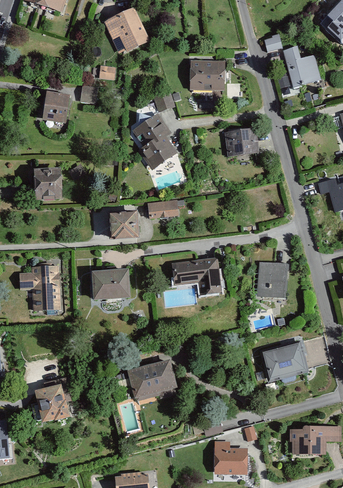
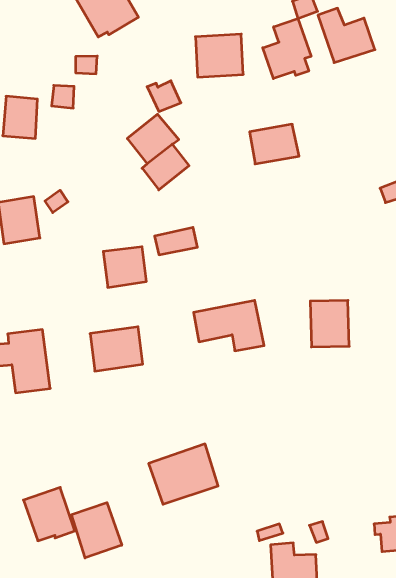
building: none -> [263,18,311,79]
building: [259,339,308,381] -> none
building: none -> [72,503,122,558]

